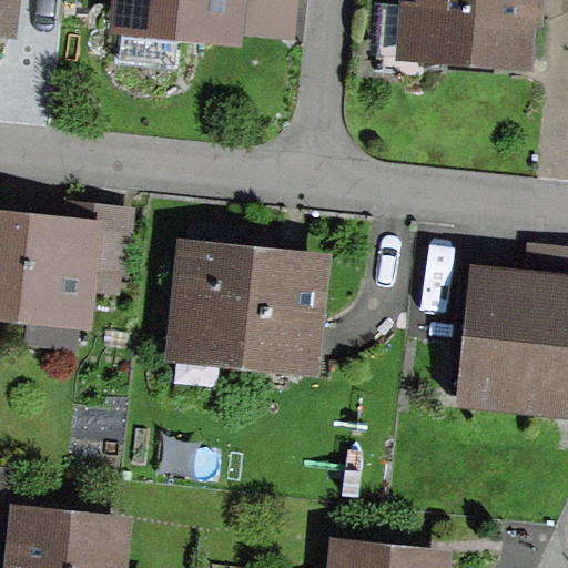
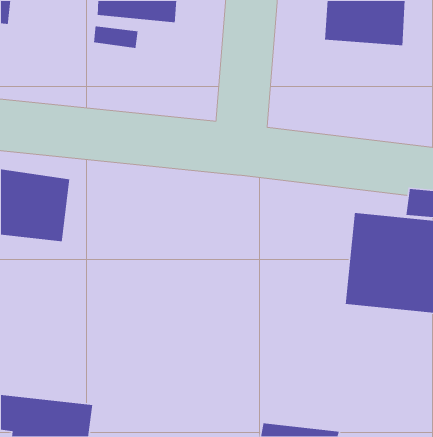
building: [183,253,323,361] -> none

